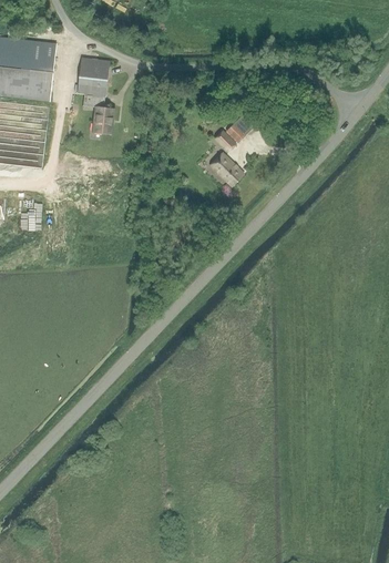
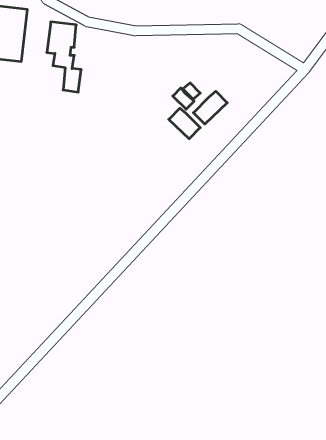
building: none -> [193,91,227,124]

